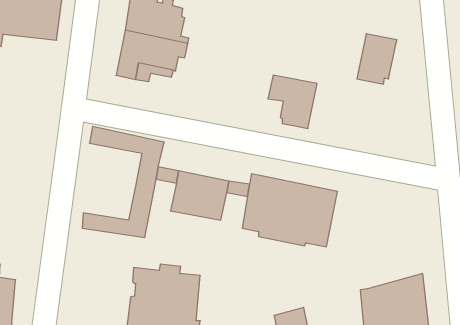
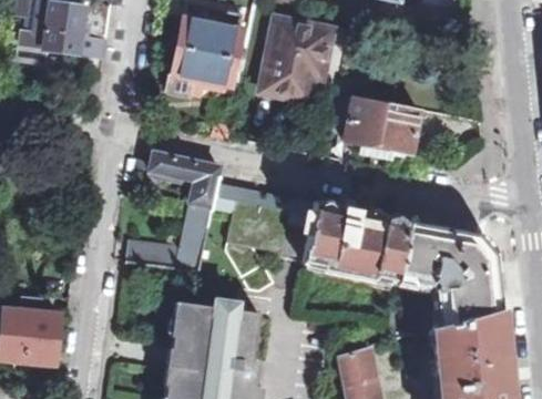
building: none -> [263,18,329,100]
building: [357,34,397,84] -> [375,102,418,156]
building: none -> [395,218,499,324]

